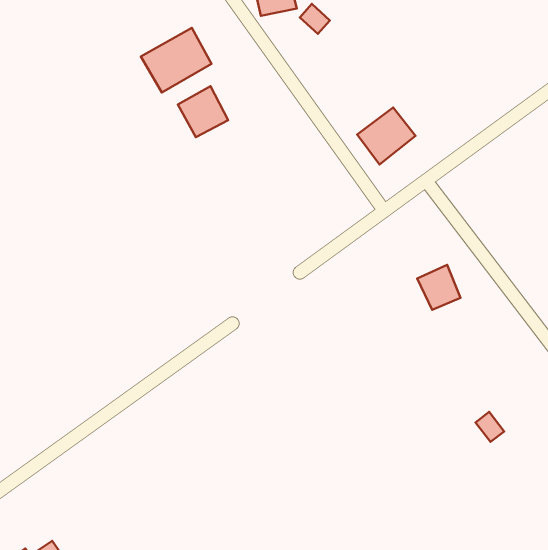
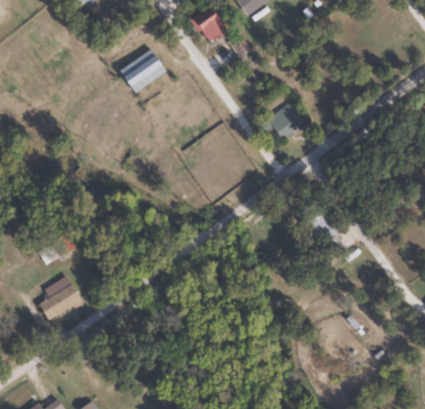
building: [178,86,228,137] -> none
building: none -> [37,280,83,322]

